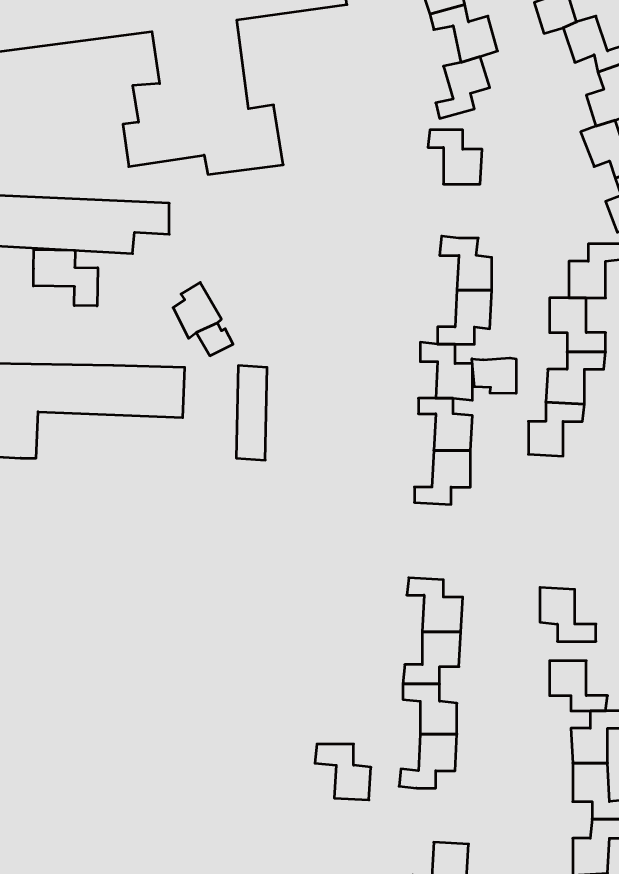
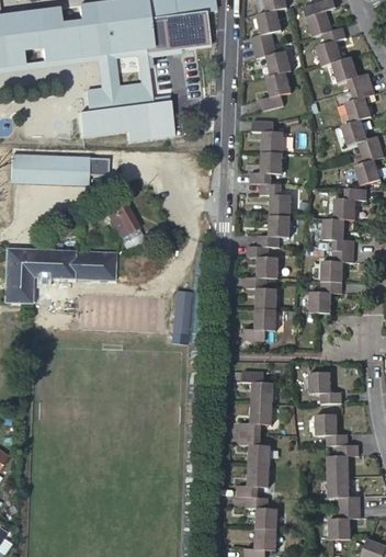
building: none -> [251,148,283,179]
building: [33,250,98,306] -> none
building: [472,358,516,393] -> none
building: [236,366,267,460] -> [177,289,194,343]
building: [315,744,371,800] -> [246,491,277,523]

